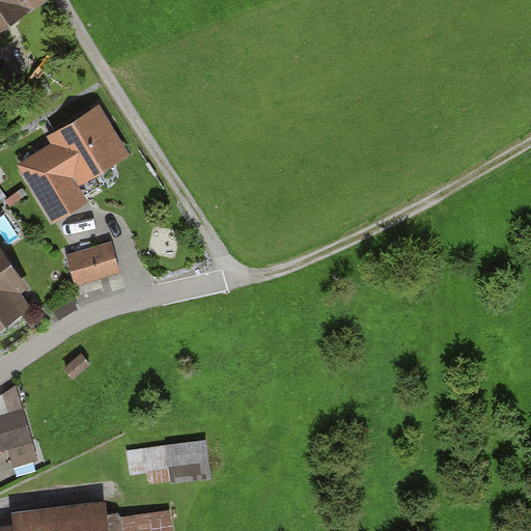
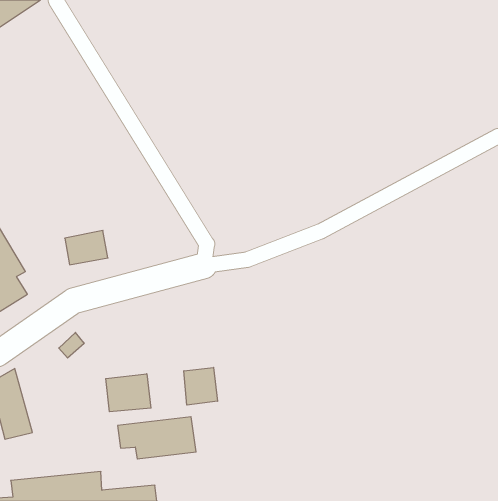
building: [20,108,127,221] -> none
building: none -> [184,367,218,405]
building: none -> [106,374,151,412]

